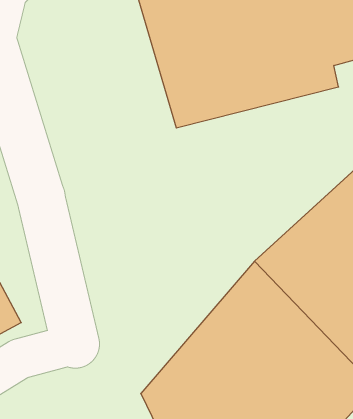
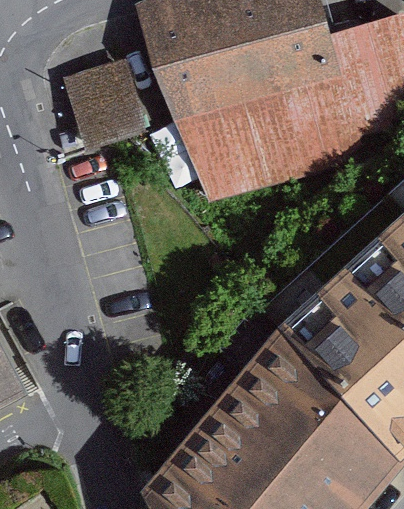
building: none -> [67,55,145,142]

